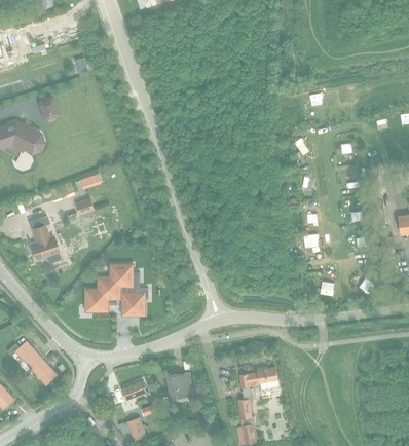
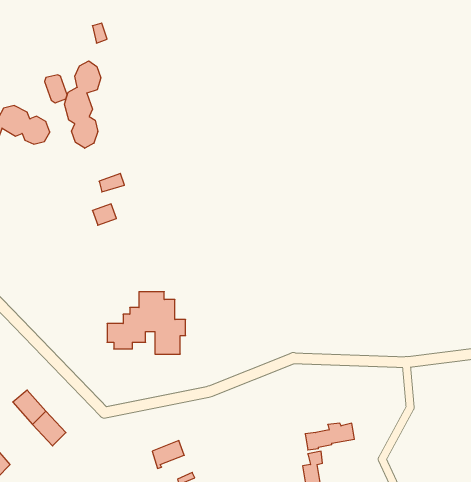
building: none -> [64,61,101,148]
building: [30,224,59,259] -> none
building: [168,372,194,399] -> none

